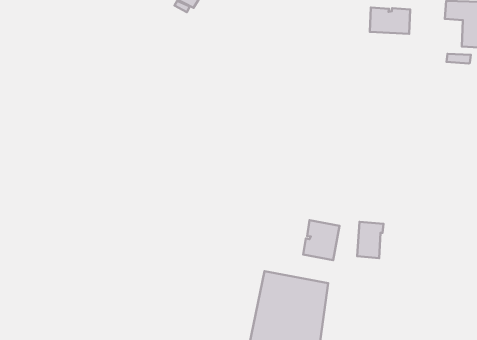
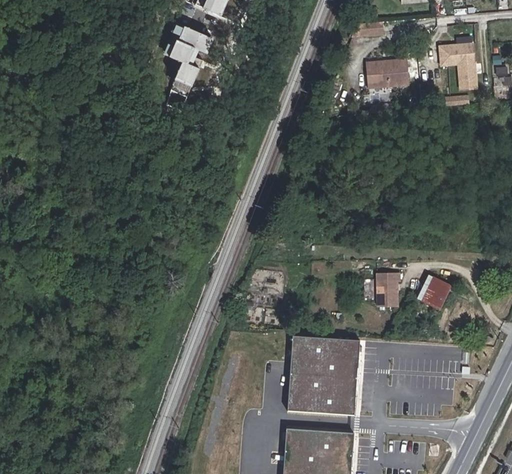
building: [303,220,339,260] -> none
building: none -> [422,279,450,310]

